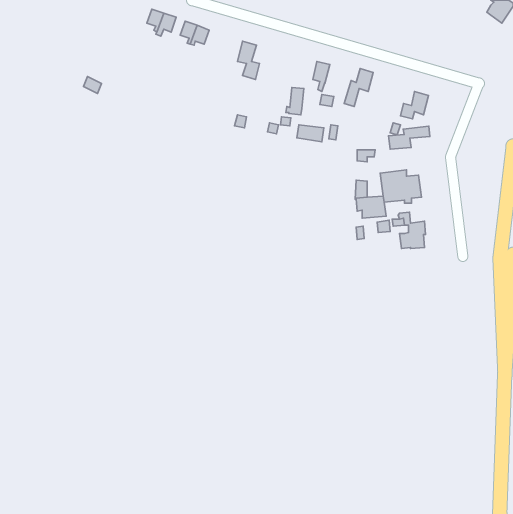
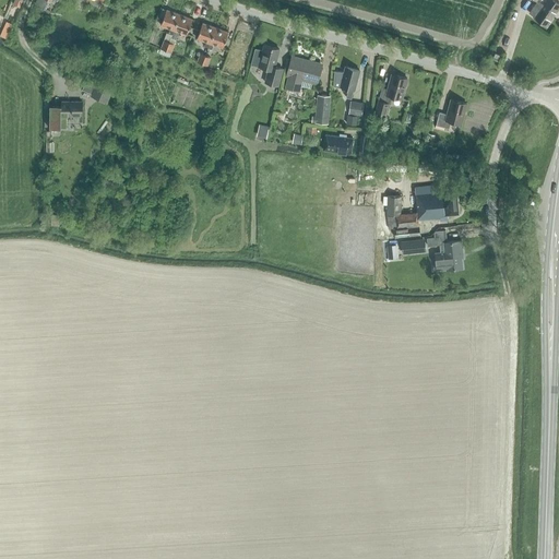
building: none -> [286,57,320,91]
building: none -> [49,102,81,131]
building: [389,126,430,149] -> none

